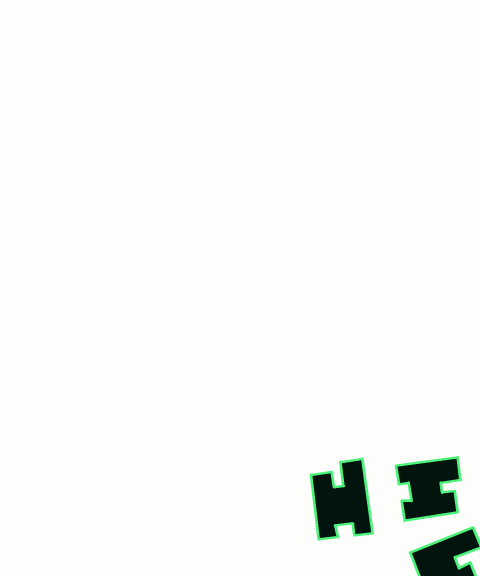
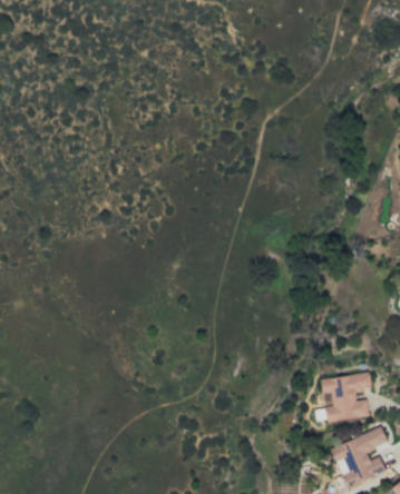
building: [311,459,372,539] -> none

